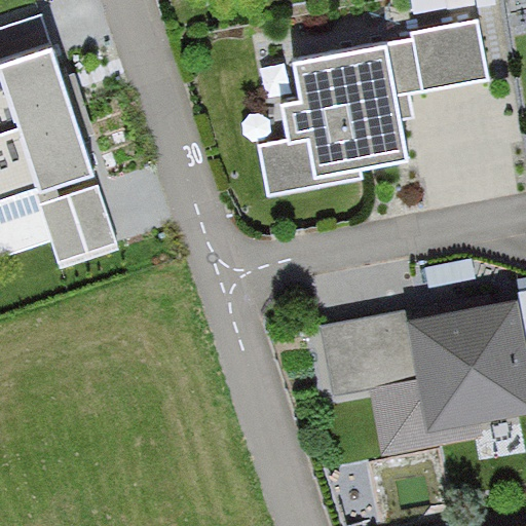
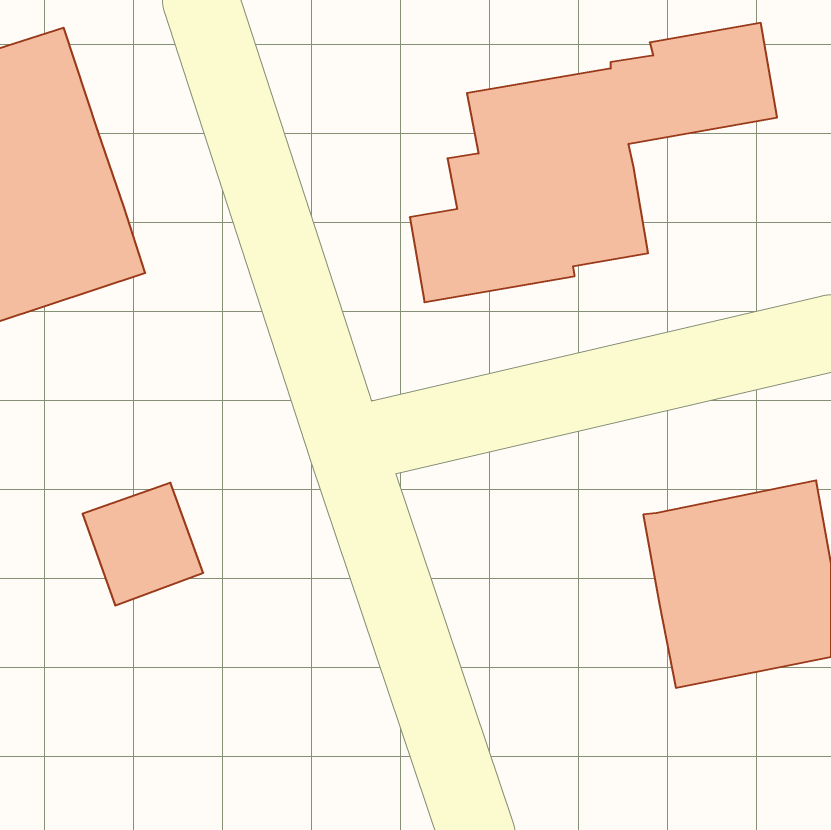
building: [40,190,116,267] -> [82,483,203,605]
building: [323,314,415,398] -> none

